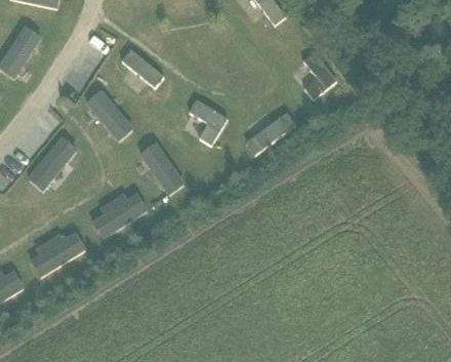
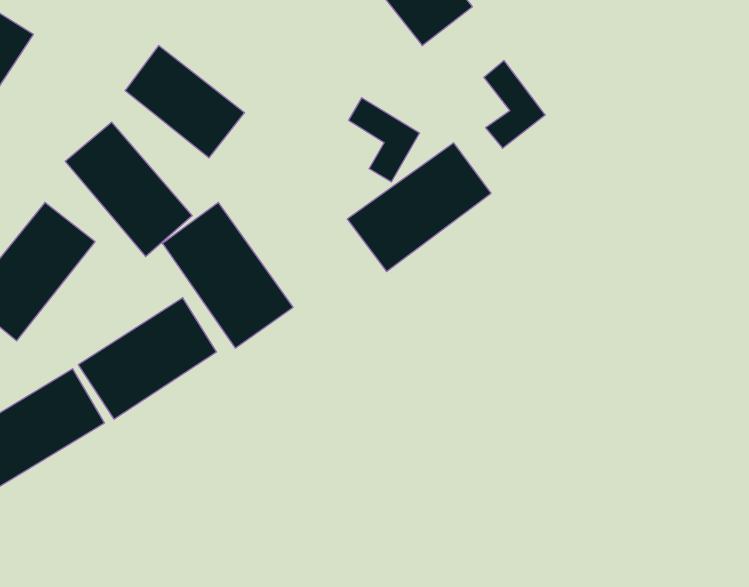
building: [188,97,227,144] -> [349,98,420,182]

